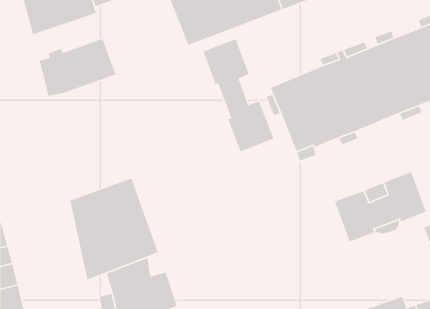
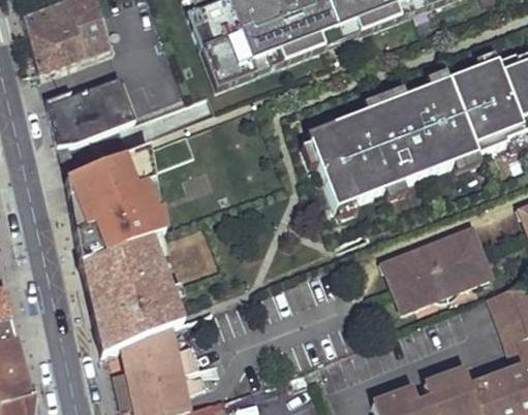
building: [202,38,274,153] -> none
building: none -> [65,132,194,262]

